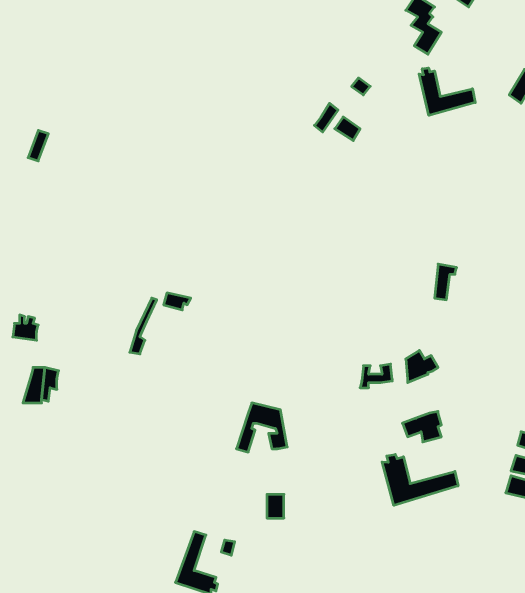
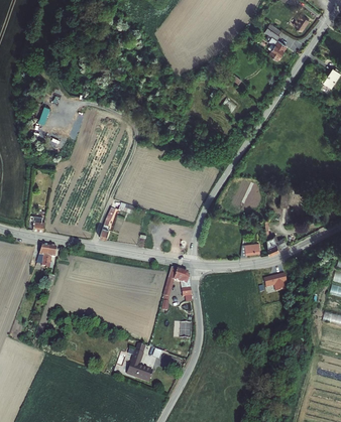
building: [419,68,475,115] -> none
building: [382,454,458,505] -> none

